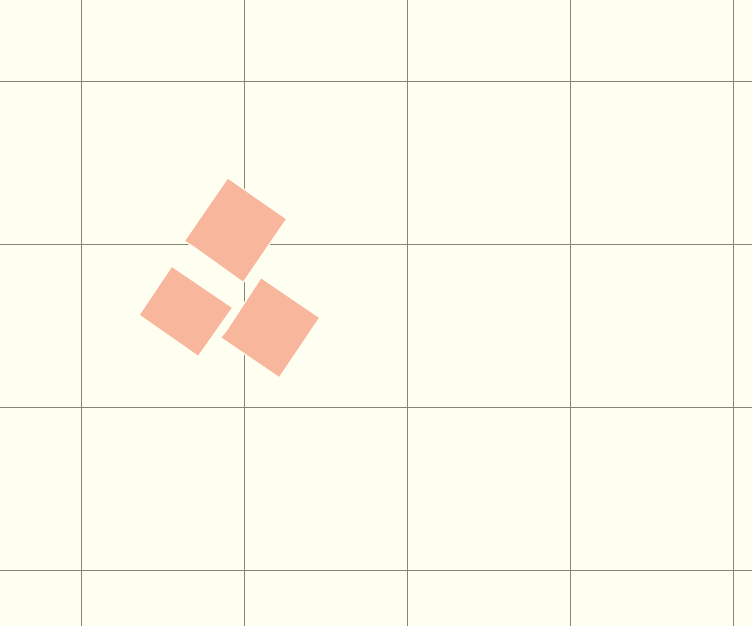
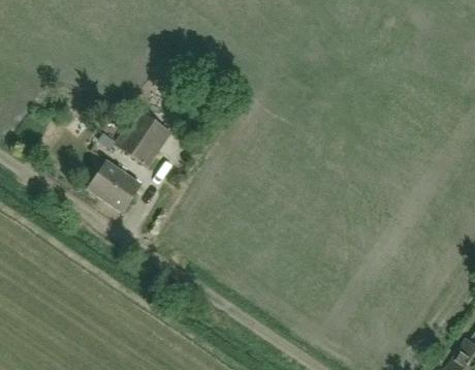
building: [221,278,320,378] -> none

